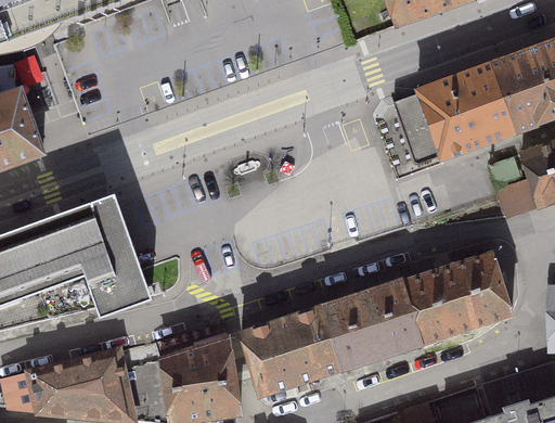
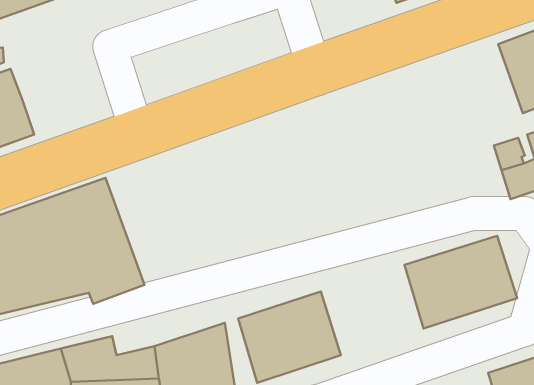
building: [383,66,517,170] -> none
building: [321,281,421,369] -> none

